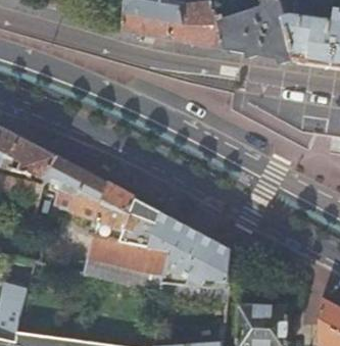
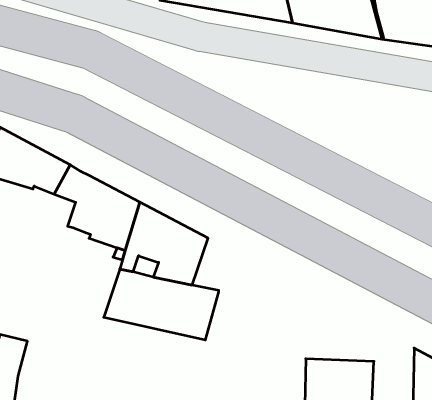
building: [149,210,231,300] -> none

